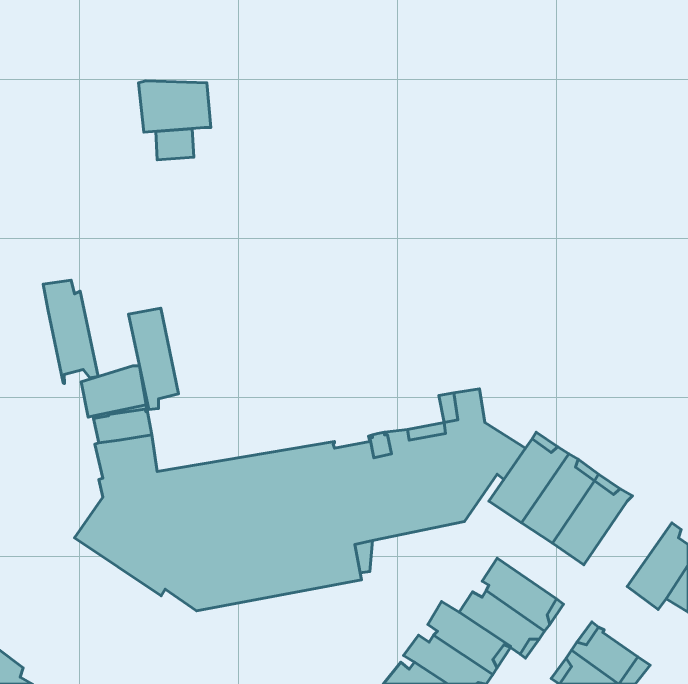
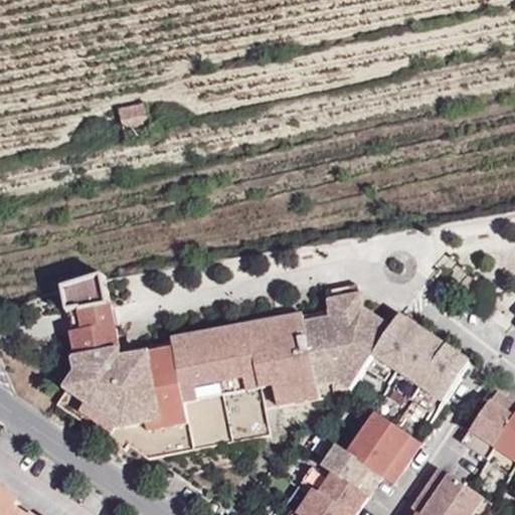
building: [138,81,211,132] -> none
building: [43,280,98,383] -> none
building: [128,308,179,410] -> none

